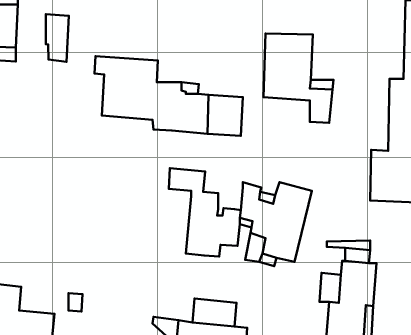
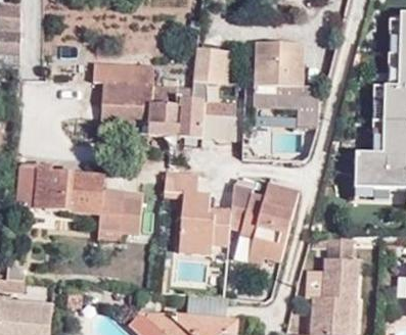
building: [46,14,69,62] -> none
building: none -> [193,47,228,83]
building: none -> [15,162,144,237]

